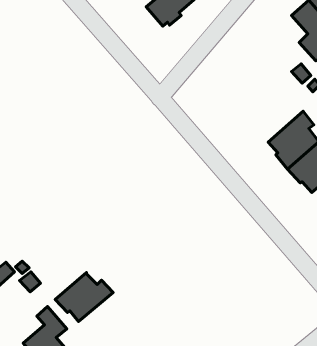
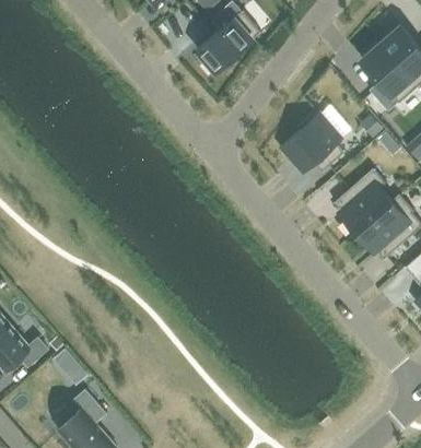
building: none -> [280,104,350,172]
building: [55,273,113,322] -> none

